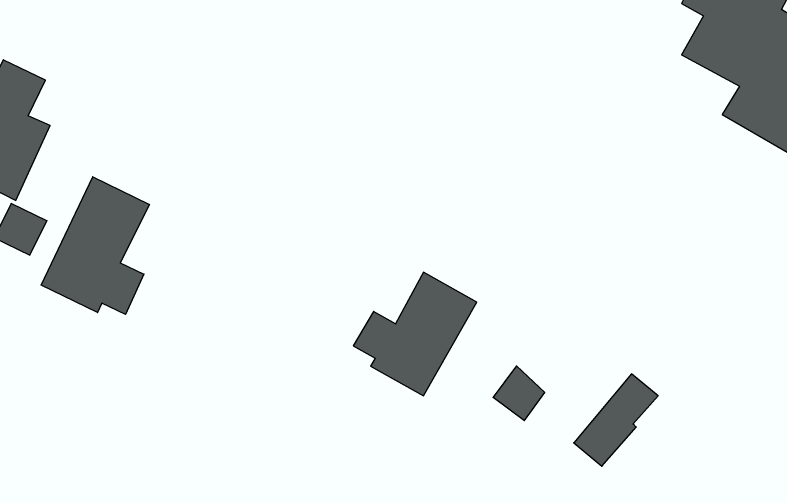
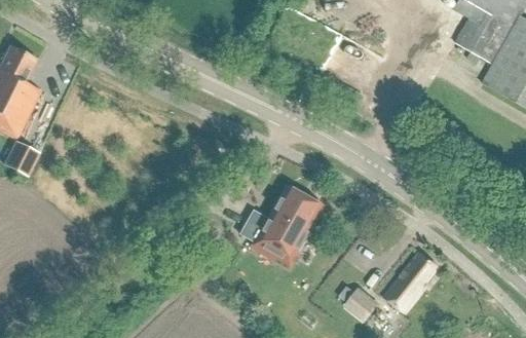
building: [41,177,149,314] -> none
building: [493,366,545,421] -> [343,285,377,321]

